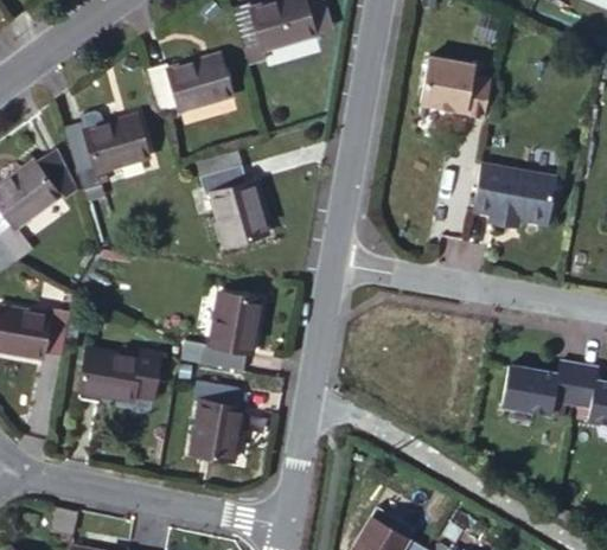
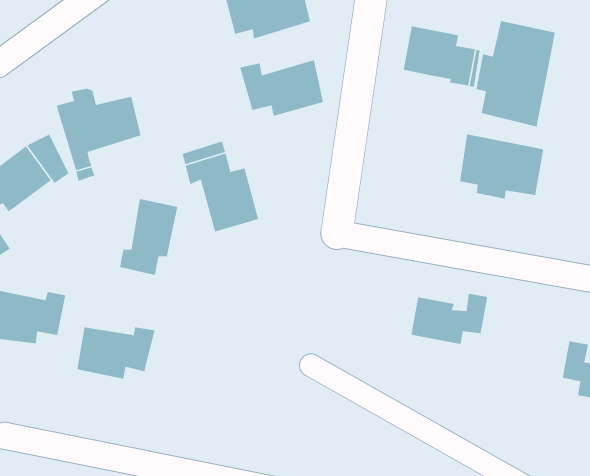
building: none -> [475,20,556,128]
building: [143,58,229,116] -> [239,59,324,117]
building: [198,300,257,378] -> [119,198,178,276]
building: [501,358,580,410] -> [410,293,488,345]
building: [190,389,236,467] -> none

